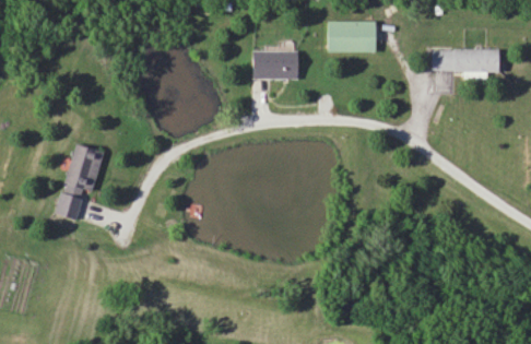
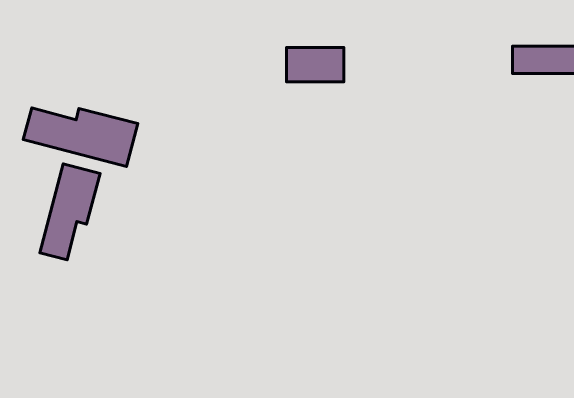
building: [329,22,376,52] -> none
building: none -> [23,108,138,166]

